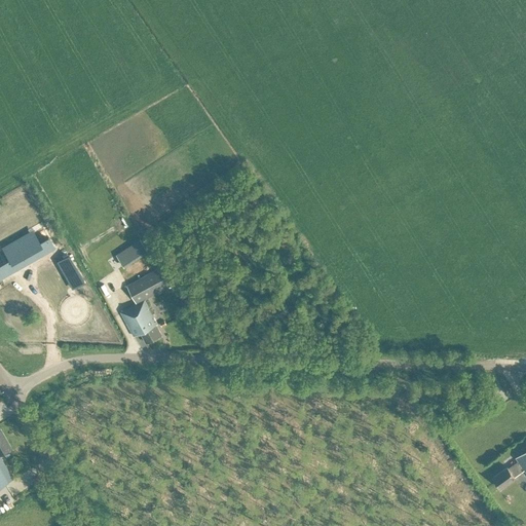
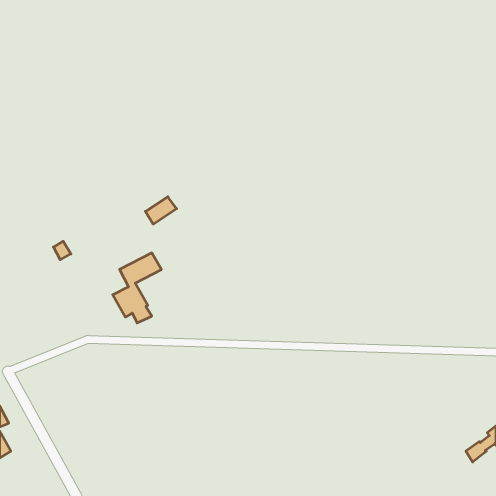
building: [4,234,52,269] -> none
building: [115,239,148,268] -> [145,197,177,224]

